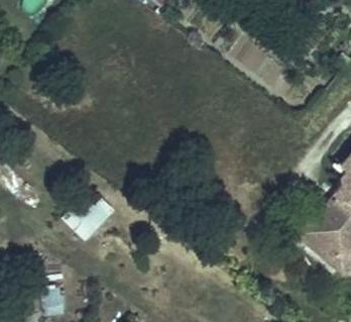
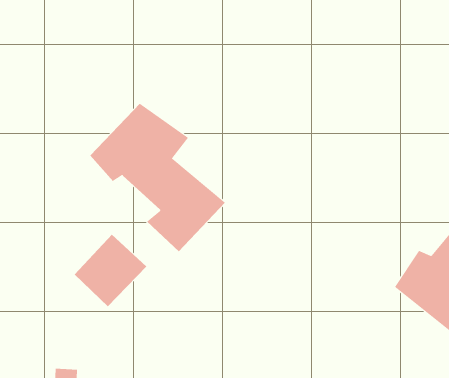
building: none -> [90,103,226,252]

